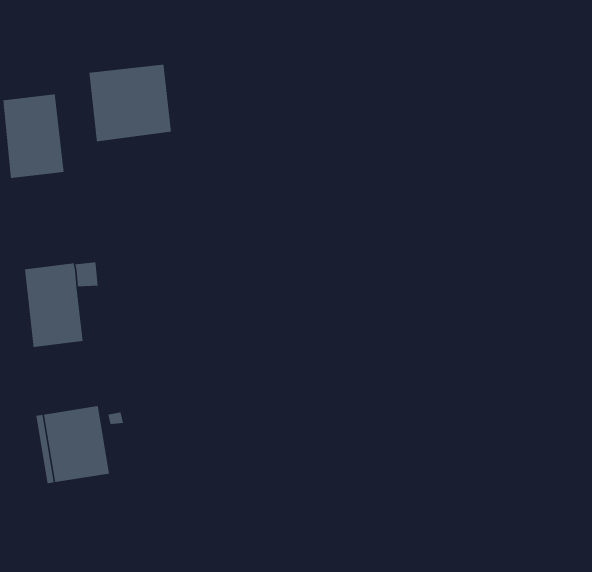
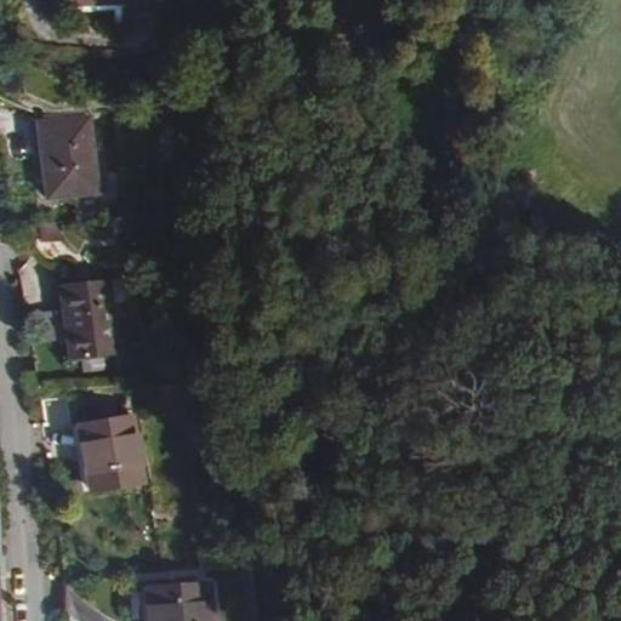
building: [89,64,171,142] -> none

